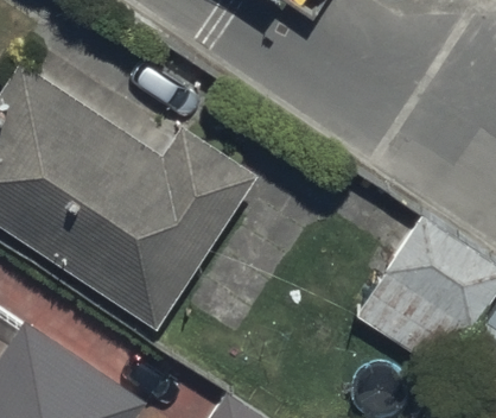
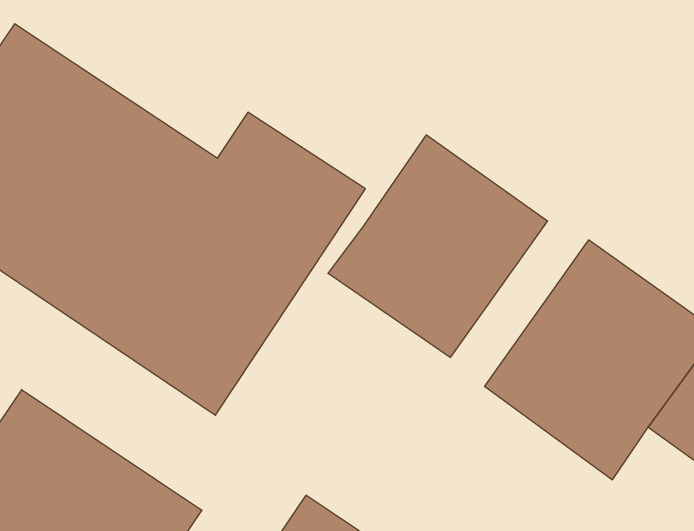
building: none -> [328,135,548,358]

